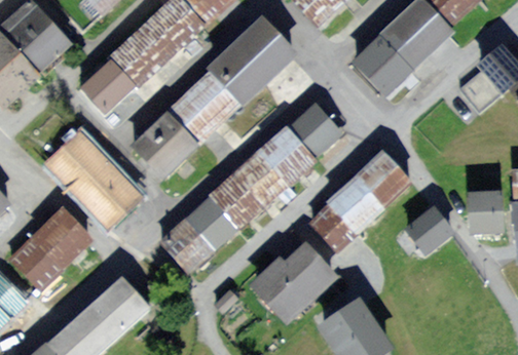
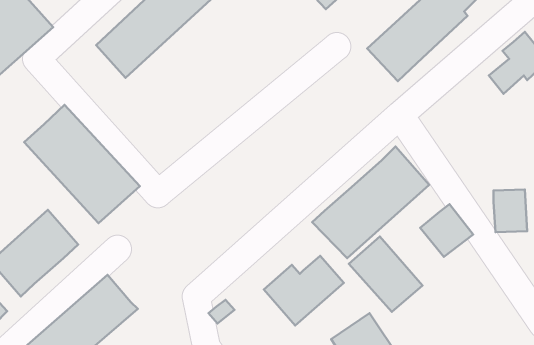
building: [131,23,296,179] -> none
building: [72,56,129,114] -> none
building: [160,112,333,272] -> none
building: none -> [349,237,423,312]

